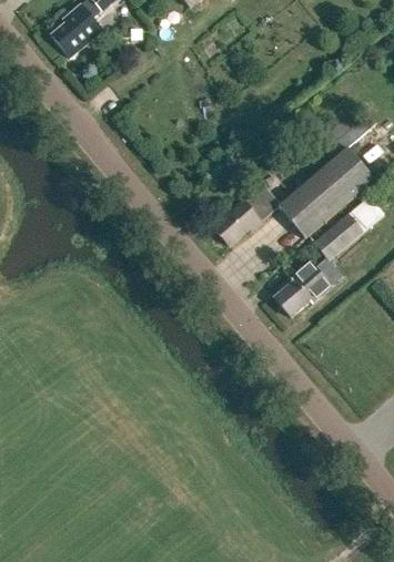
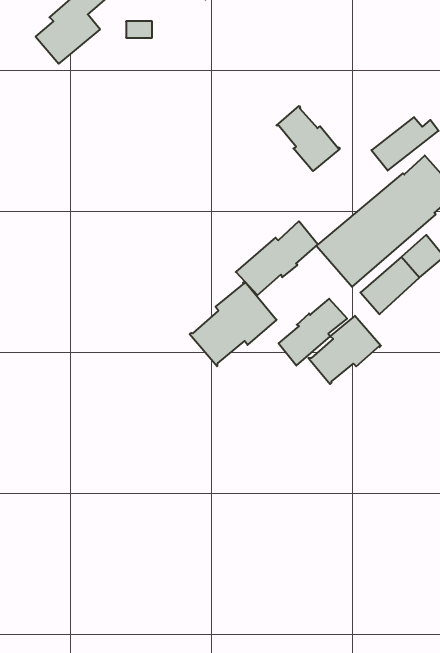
building: none -> [276,106,340,171]
building: none -> [190,282,277,366]
building: none -> [279,299,347,366]

